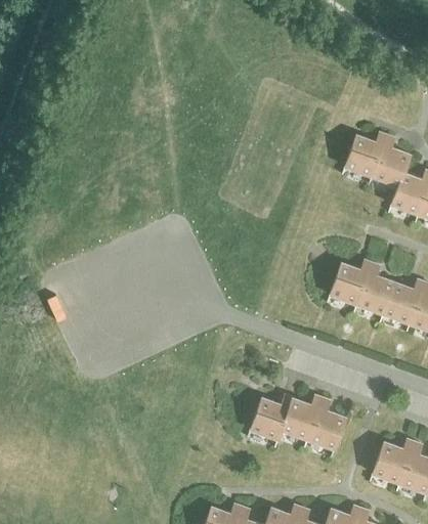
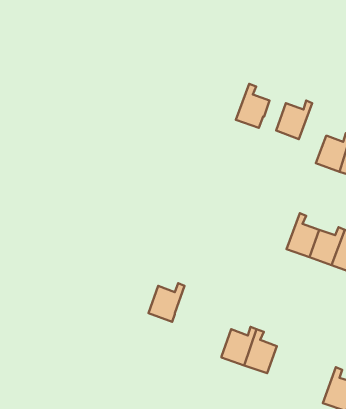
building: [372,135,411,186] -> [236,84,269,128]
building: [330,260,373,305] -> none
building: [251,395,293,440] -> [148,283,184,322]
building: [373,439,415,484] -> none

